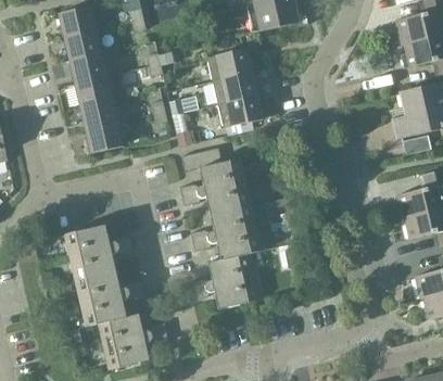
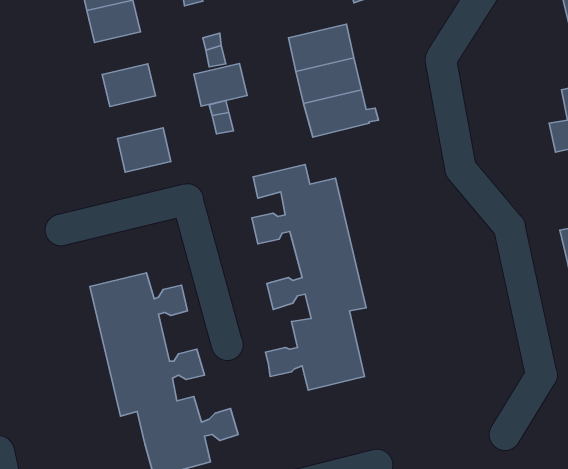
building: [68,53,106,84] -> none
building: [79,99,117,129] -> [194,63,247,106]

